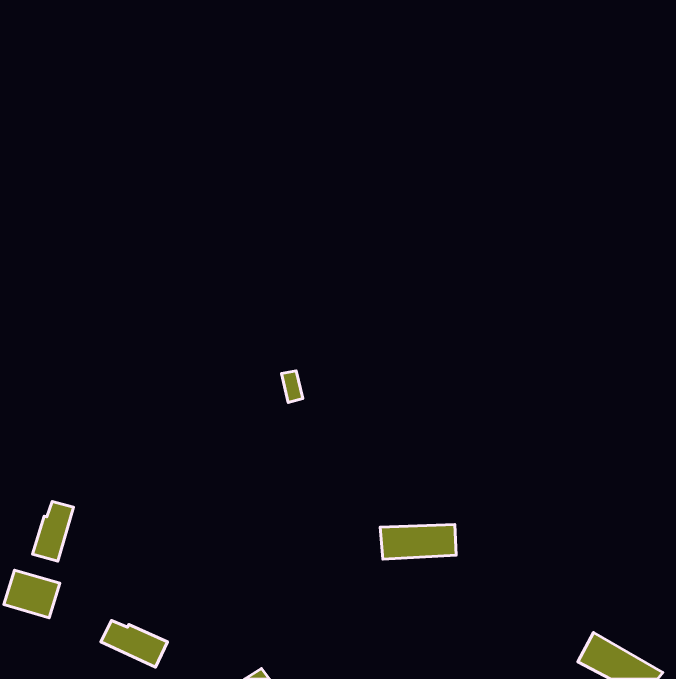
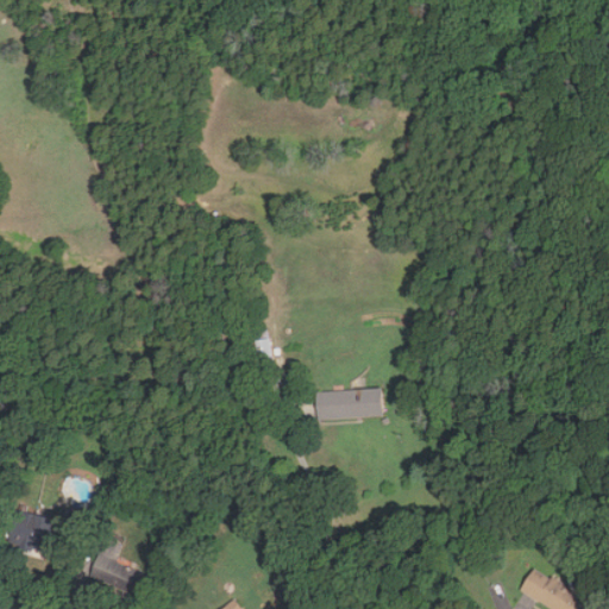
building: [33,502,74,561] -> none
building: [380,524,456,559] -> [314,389,382,420]

